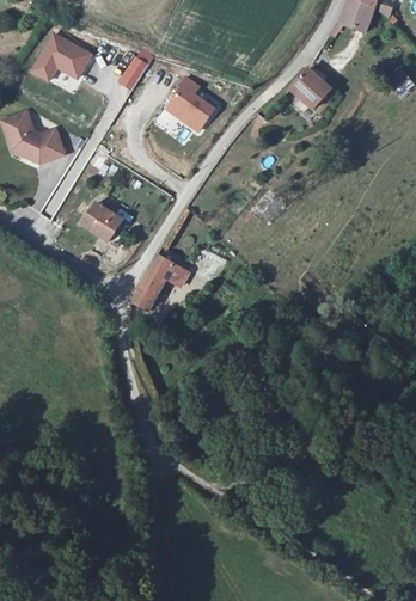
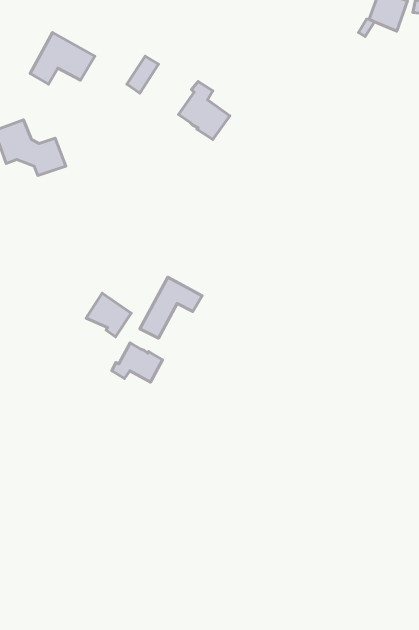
building: [290,68,332,108] -> none
building: [82,202,123,241] -> [86,293,131,337]
building: none -> [112,343,162,382]

